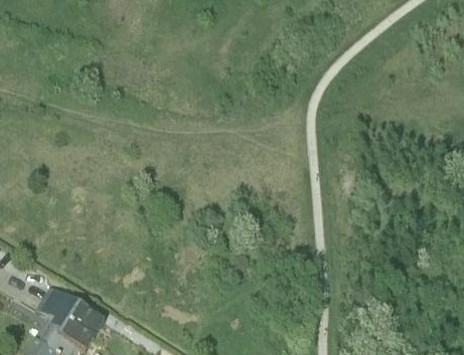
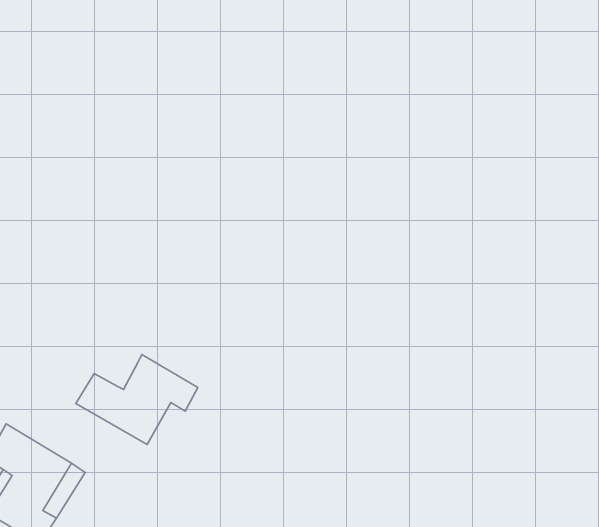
building: none -> [76,355,198,445]

